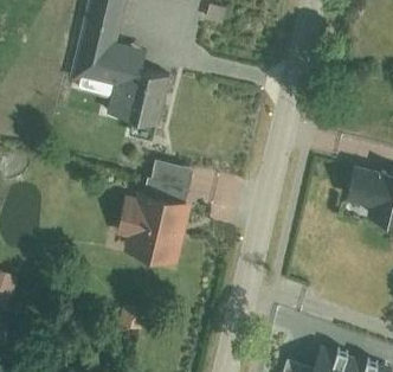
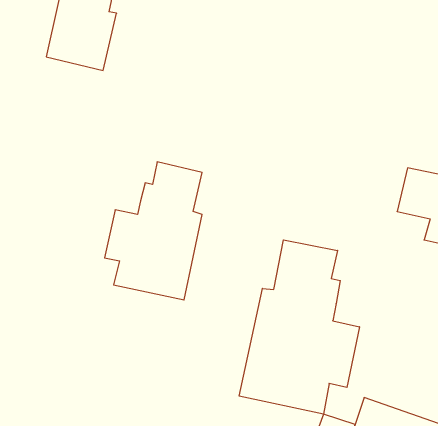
building: [105,41,173,141] -> none
building: none -> [239,240,359,414]

